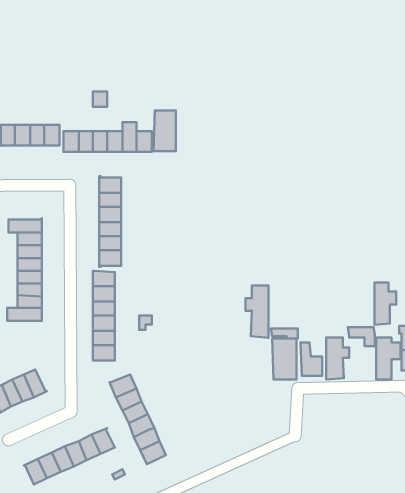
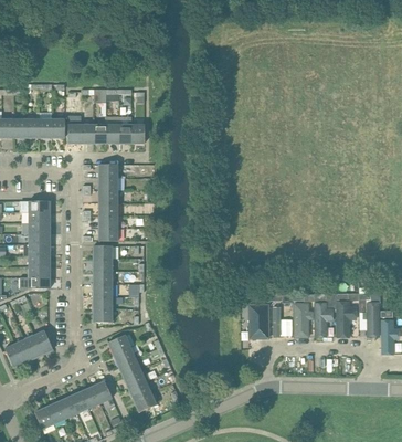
building: [154,110,176,151] -> none
building: [374,283,396,325] -> [315,302,334,338]
building: [246,285,269,338] -> none

